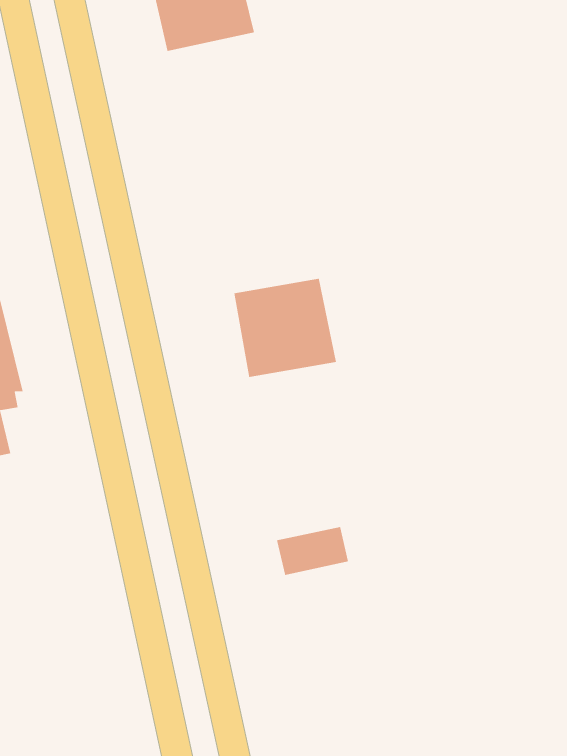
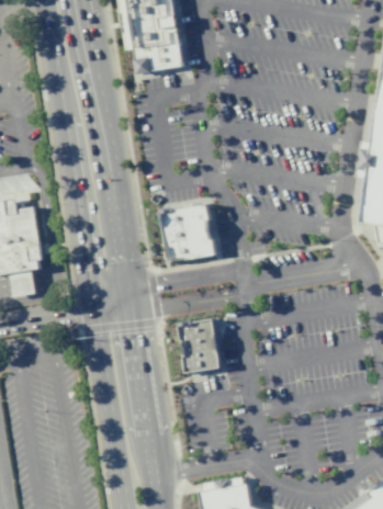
building: none -> [176,317,216,351]

